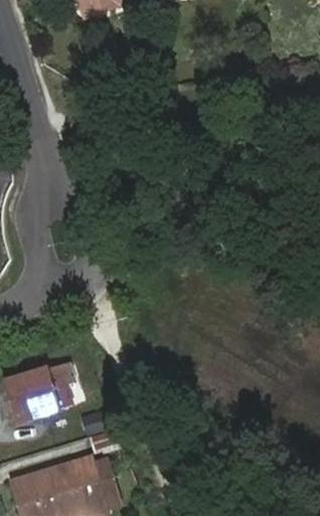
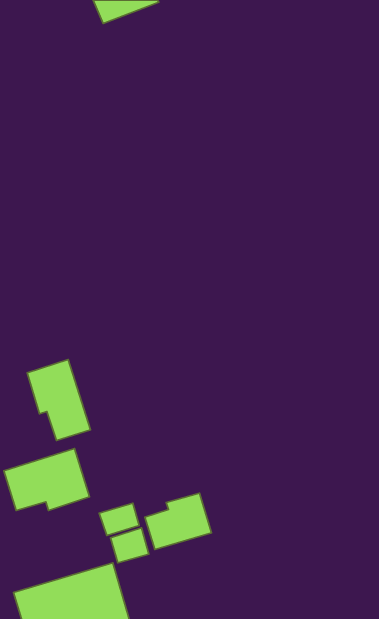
building: none -> [27,360,90,441]
building: none -> [145,493,211,549]

